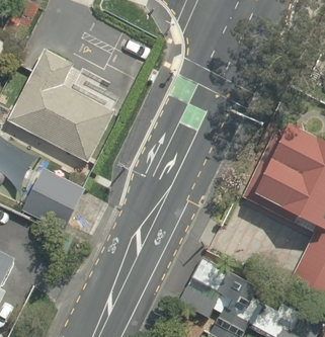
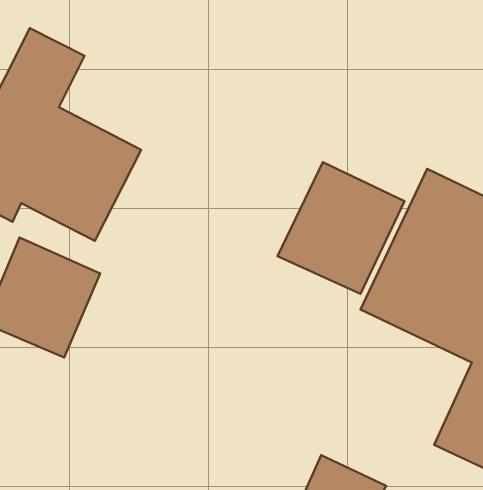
building: none -> [278,162,404,294]

